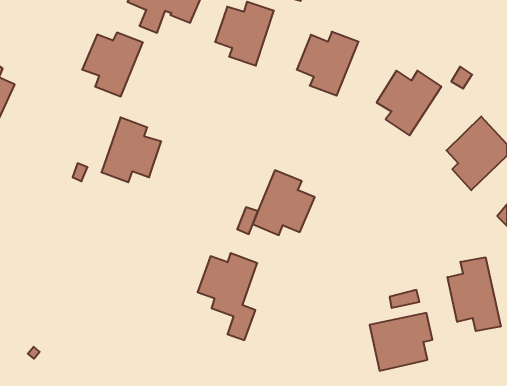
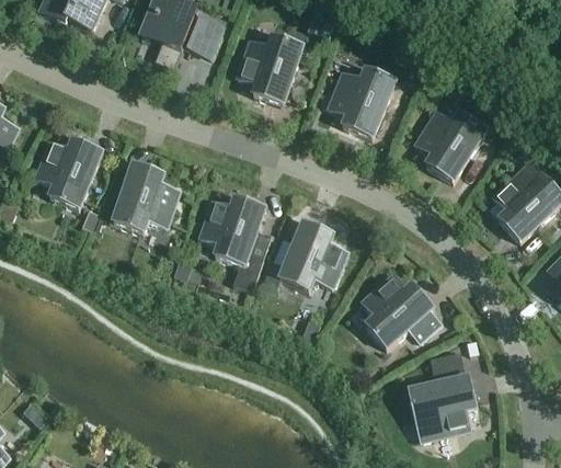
building: [82,33,143,96] -> [36,138,103,208]
building: none -> [362,274,442,347]
building: [198,253,257,340] -> [201,195,266,290]
building: [447,257,501,331] -> none

